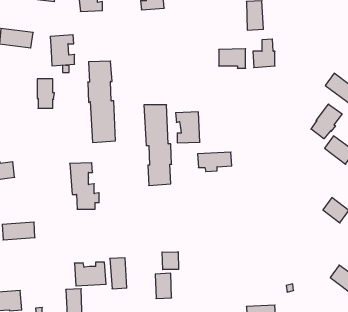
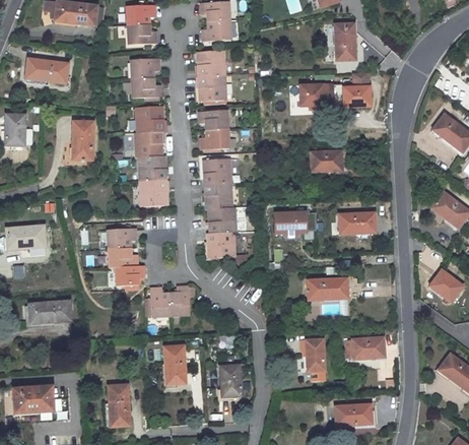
building: none -> [201,44,231,94]
building: [50,35,75,66] -> [132,52,162,90]
building: none -> [310,150,342,173]
building: [311,104,342,139] -> none
building: [176,112,200,143] -> [203,105,233,143]
building: none -> [338,212,374,234]
building: none -> [307,278,346,301]
building: none -> [345,337,384,359]
building: [162,252,179,270] -> none
building: none -> [300,339,325,372]
building: [74,262,106,286] -> [157,288,197,317]

